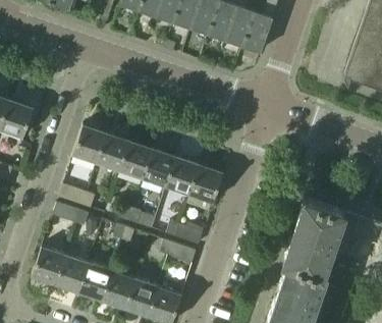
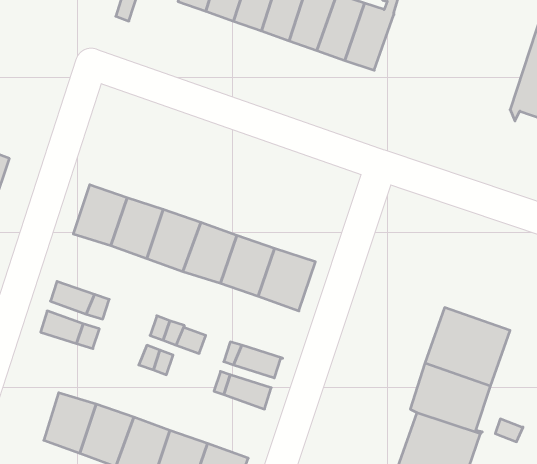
building: [33,246,64,283] -> none

